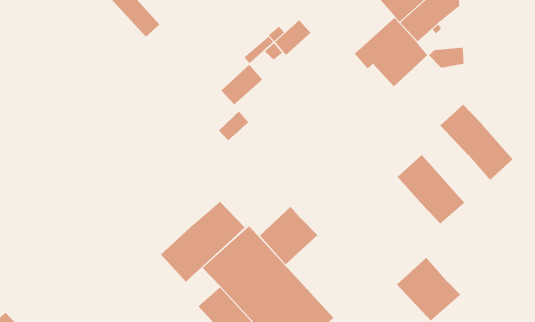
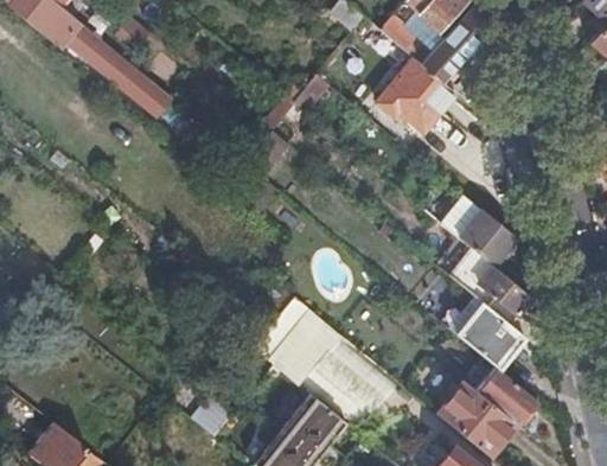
building: [440,104,514,181] -> [449,249,531,325]
building: [160,201,245,283] -> none
building: [259,206,318,265] -> none

